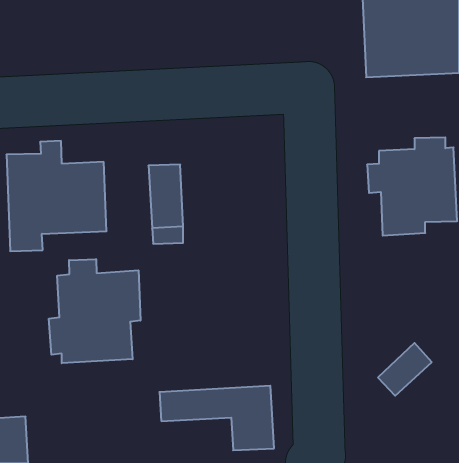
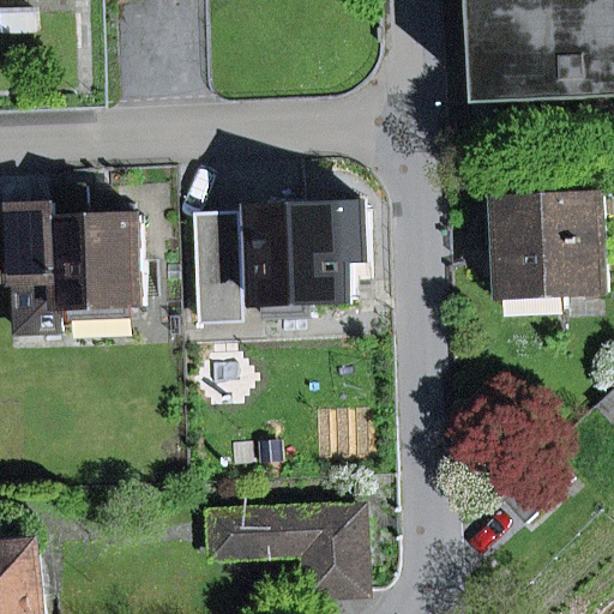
building: none -> [251,205,365,319]
building: [49,259,140,363] -> none

